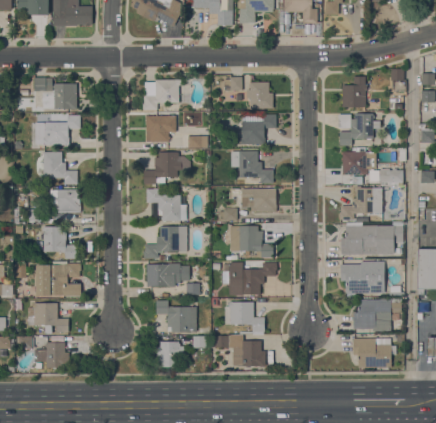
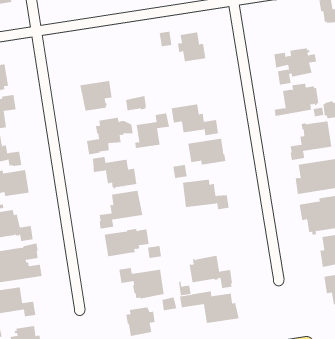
building: [341,76,366,107] -> none
building: [142,79,180,110] -> none
building: [239,114,276,144] -> [134,113,170,149]
building: [228,262,276,295] -> none

